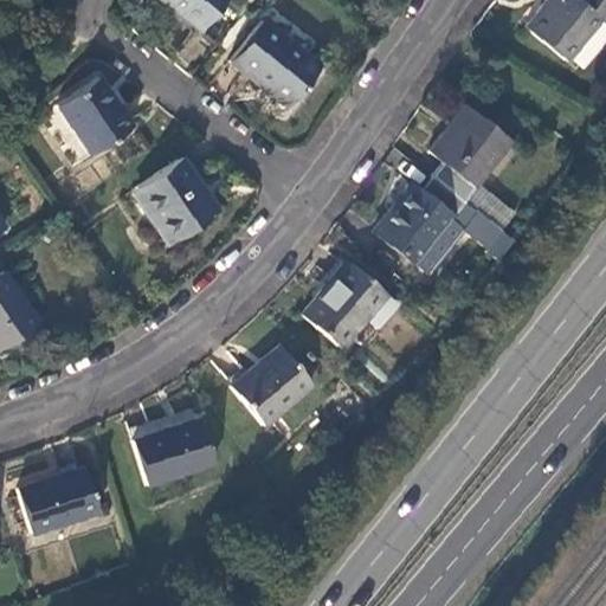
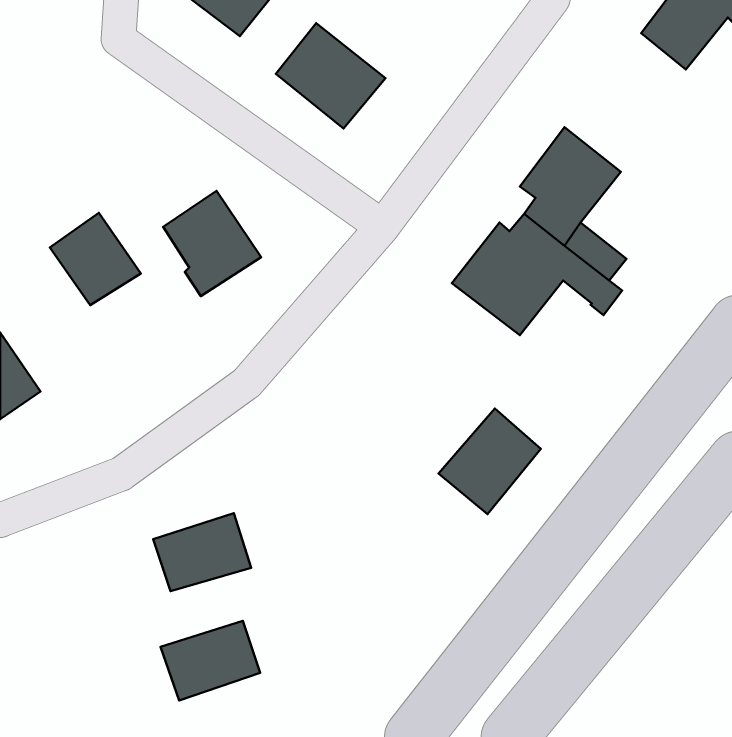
building: [59,76,134,152] -> [50,213,141,305]
building: [302,260,386,347] -> [438,409,541,514]
building: [232,348,310,425] -> none
building: [17,468,98,533] -> [160,621,260,700]

